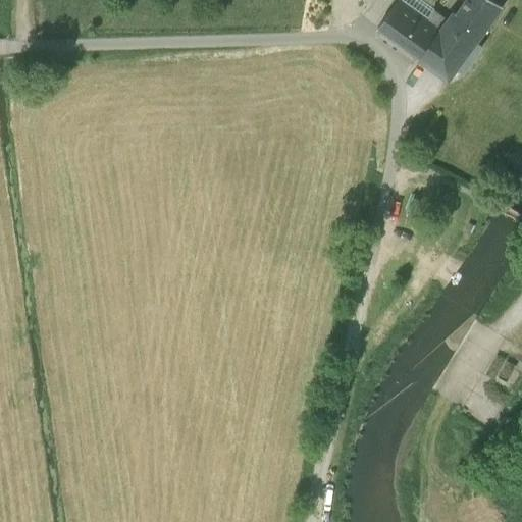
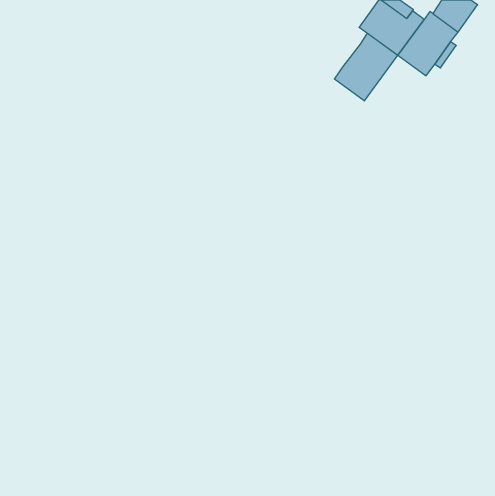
building: none -> [334,33,397,101]

